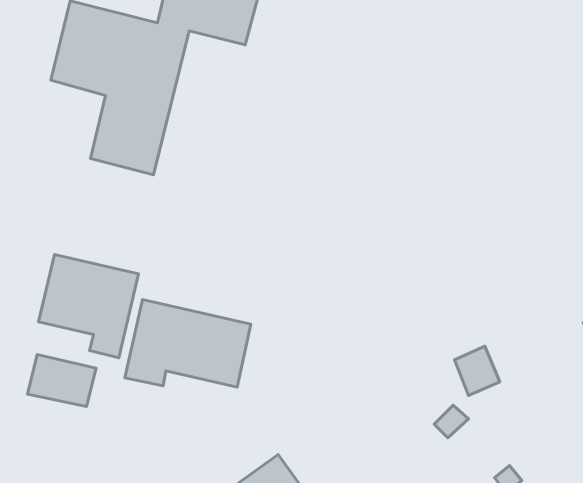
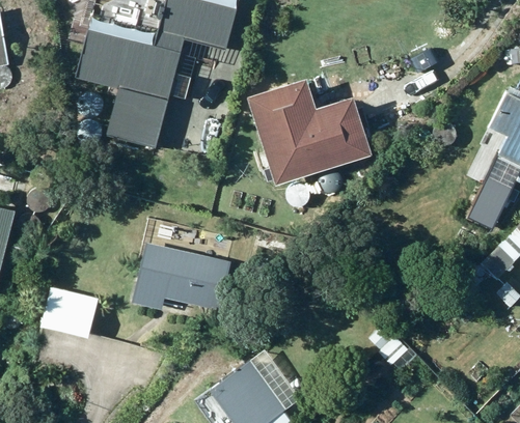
building: none -> [248,80,372,186]
building: [38,254,138,358] -> none

